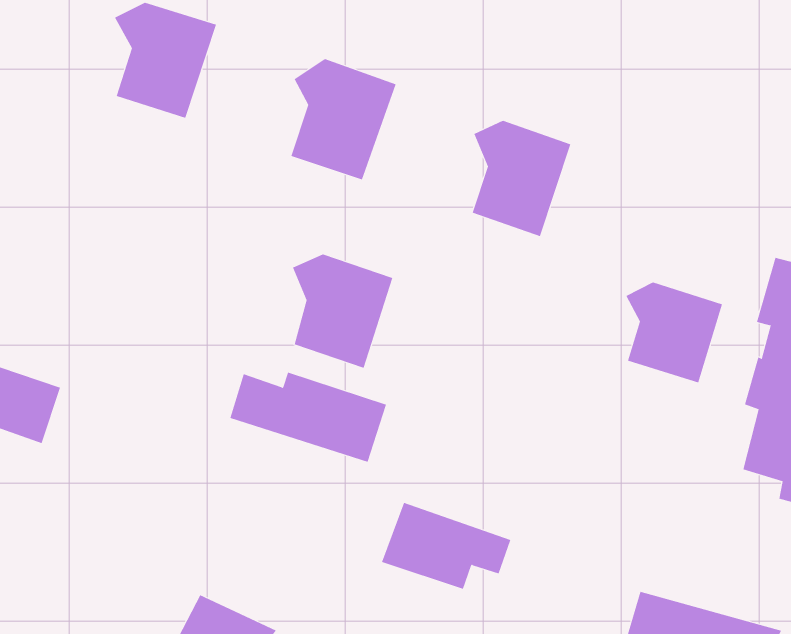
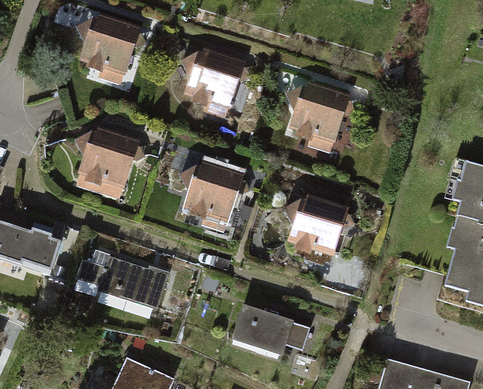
building: none -> [78,128,140,196]
building: [625,282,723,383] -> [289,195,346,254]
building: [229,372,387,463] -> [73,257,165,310]

